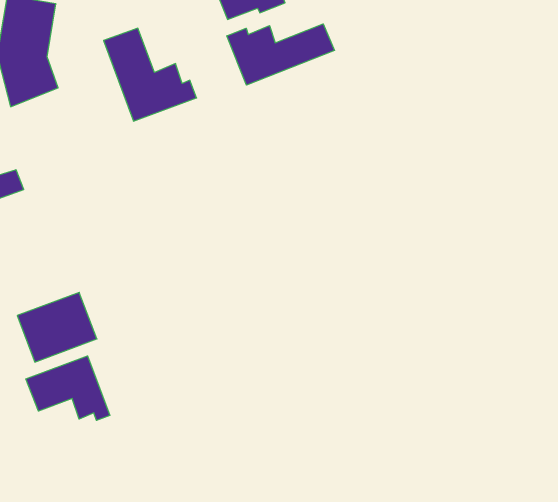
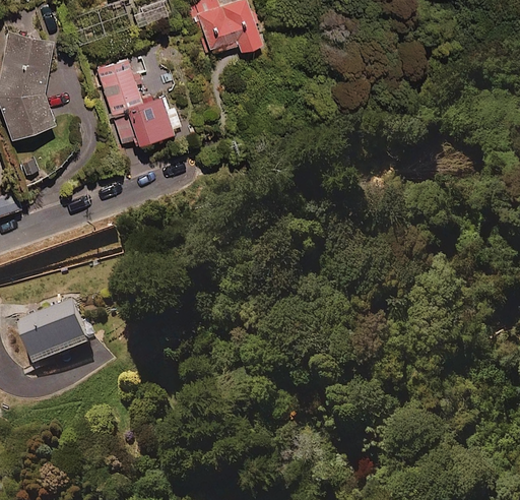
building: [227,24,334,85] -> none
building: [26,356,110,420] -> none

